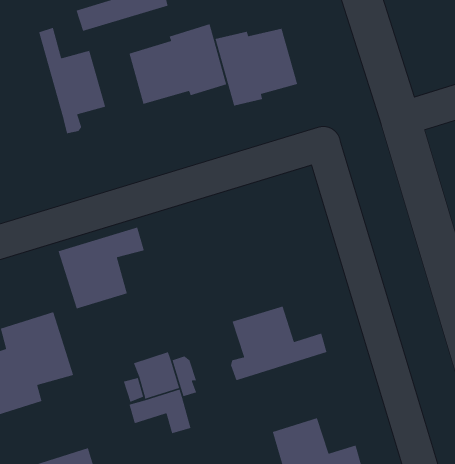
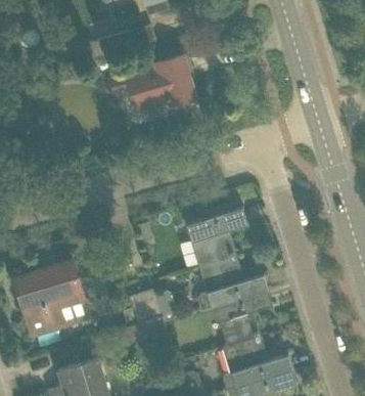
building: [38,27,106,134] -> none
building: [214,28,298,107] -> none
building: [58,226,145,309] -> [185,209,247,268]
building: none -> [211,291,272,347]

